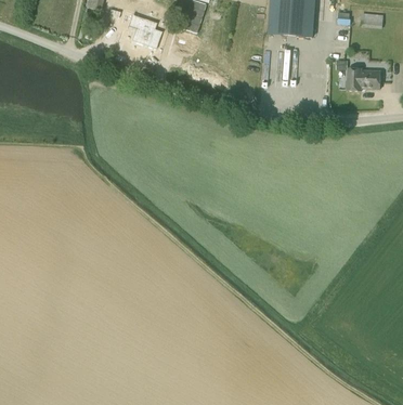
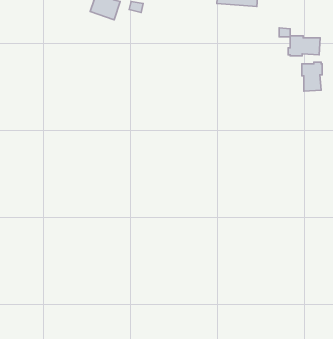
building: none -> [302,62,322,91]

